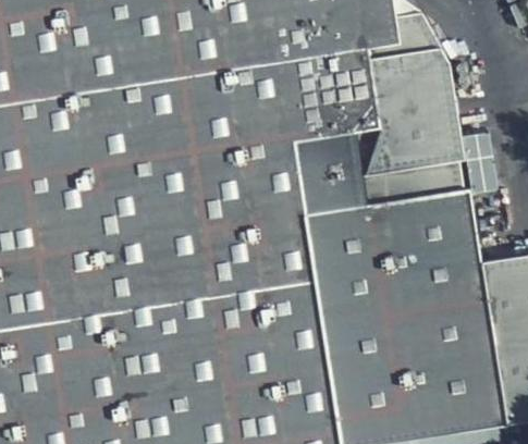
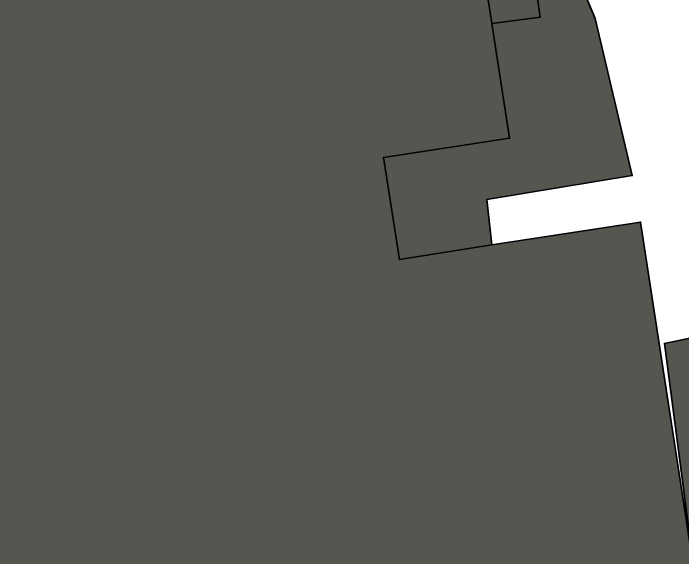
building: [367,151,470,198] -> none

